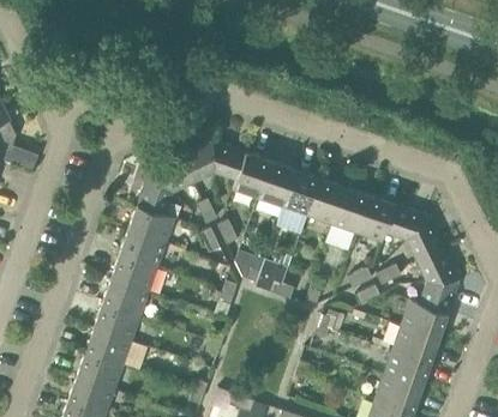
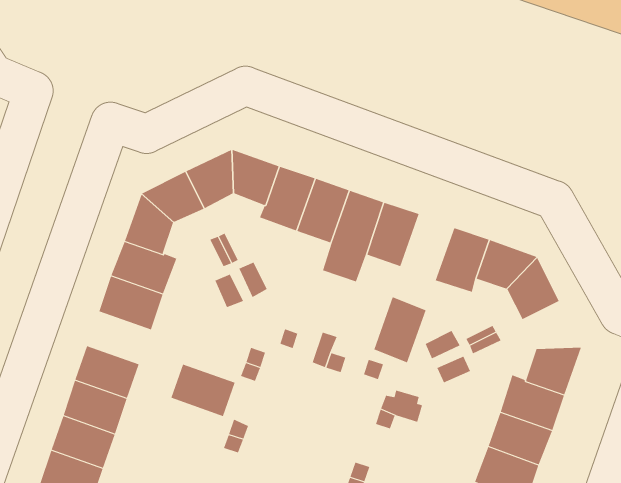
building: [331,187,368,234] -> [373,296,426,363]
building: [416,248,458,282] -> none
building: [110,255,156,292] -> [171,364,235,417]

